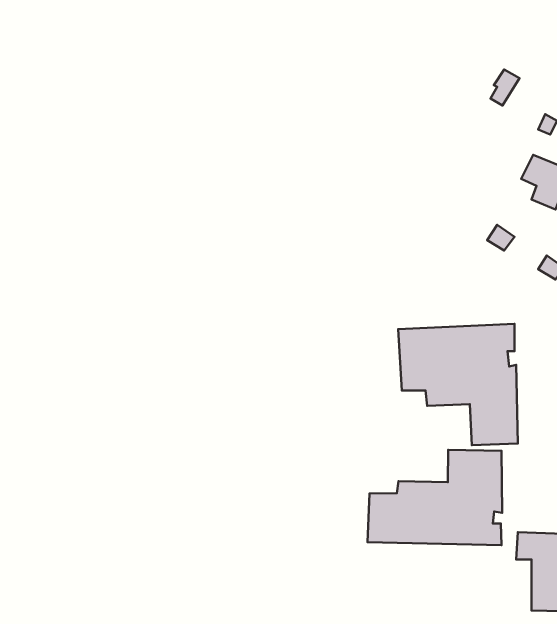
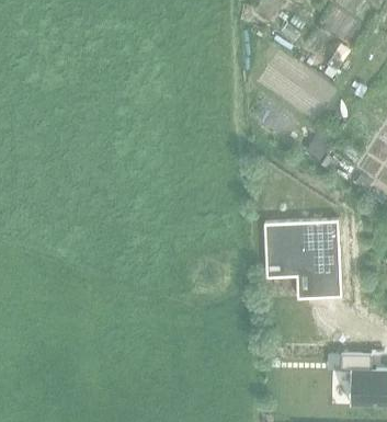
building: [367,450,502,545] -> none

